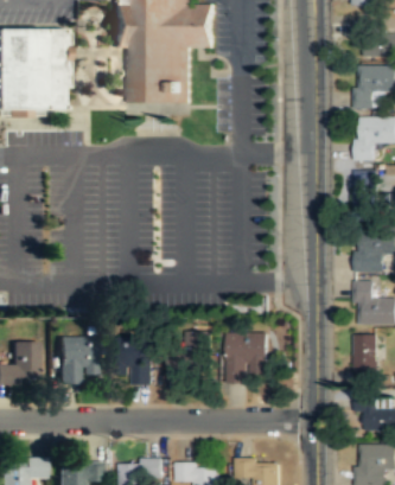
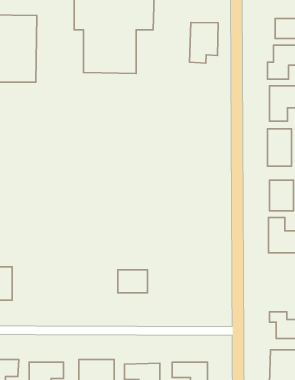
building: none -> [190,22,218,63]
building: [227,333,268,376] -> none
building: [352,336,378,383] -> none
building: [57,338,95,385] -> none
building: [116,347,152,384] -> none

